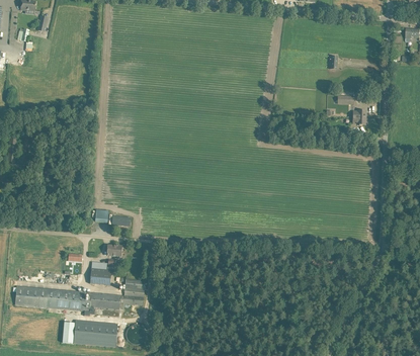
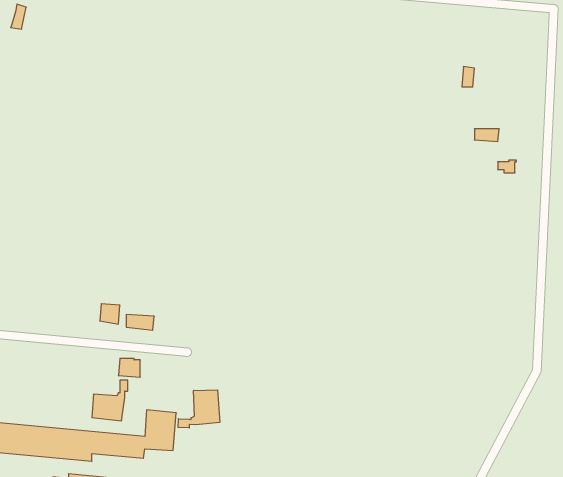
building: none -> [178,390,220,428]

